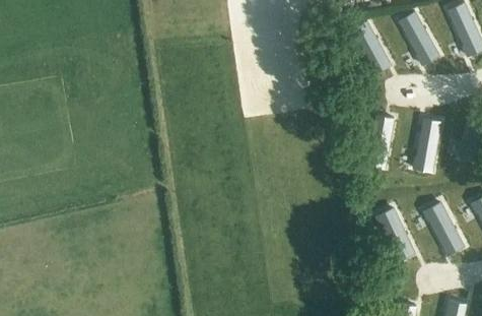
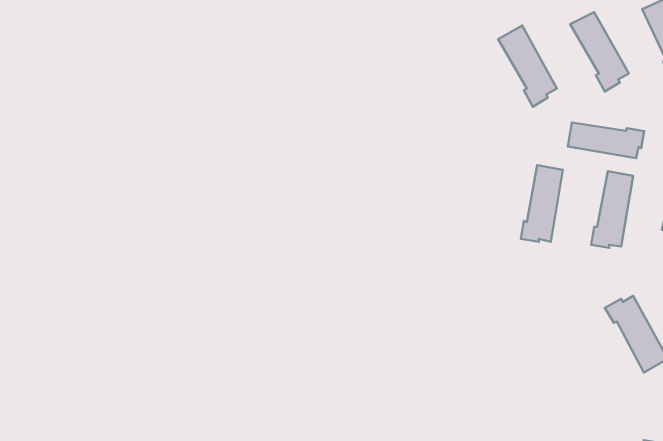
building: none -> [568,123,644,158]
building: [373,209,414,261] -> none

